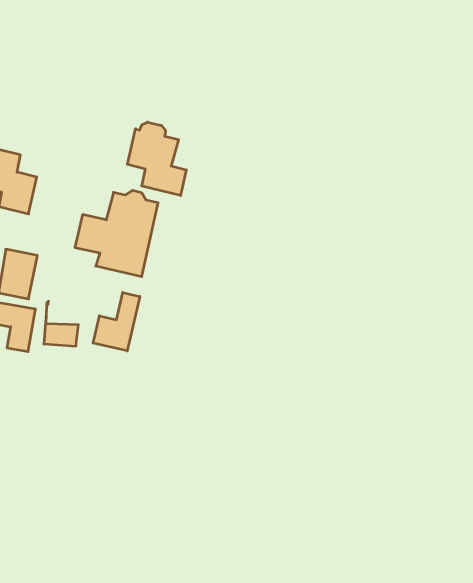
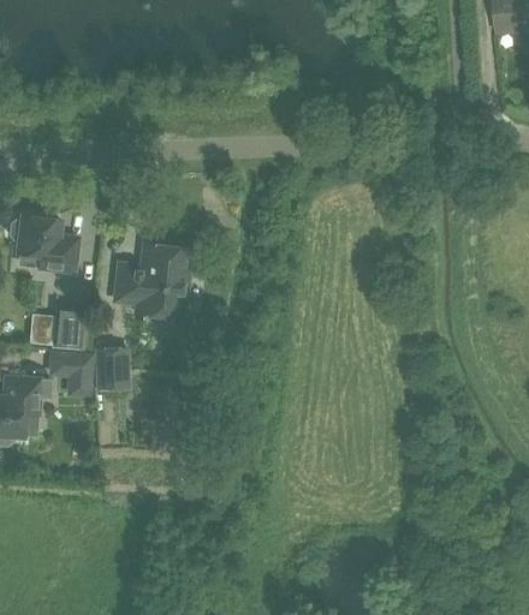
building: [127,122,186,196] -> none
building: [93,292,140,351] -> none

